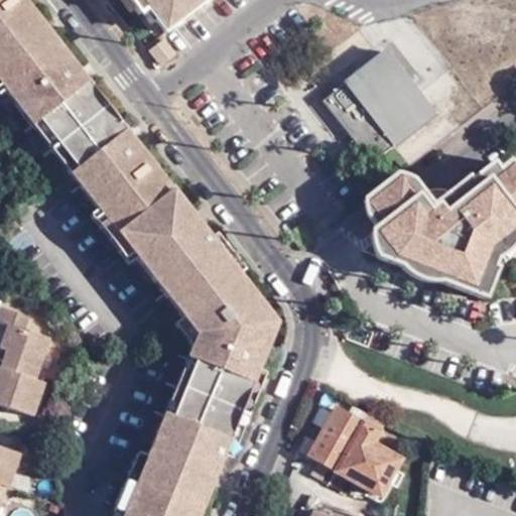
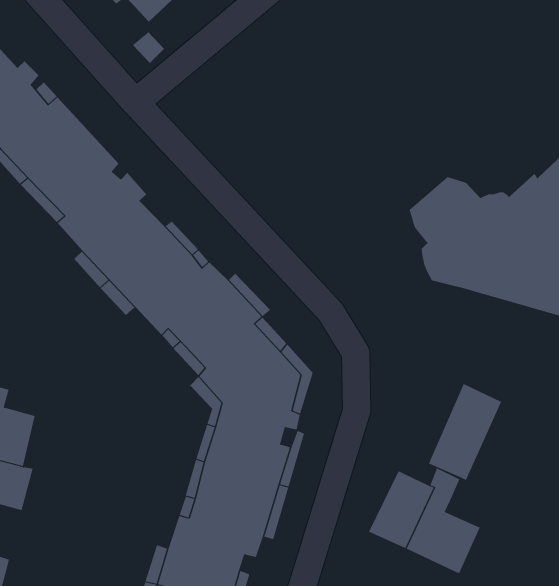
building: [326,46,438,159] -> none
building: none -> [428,383,502,481]

